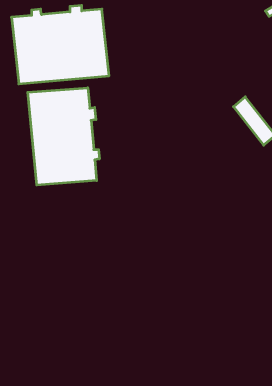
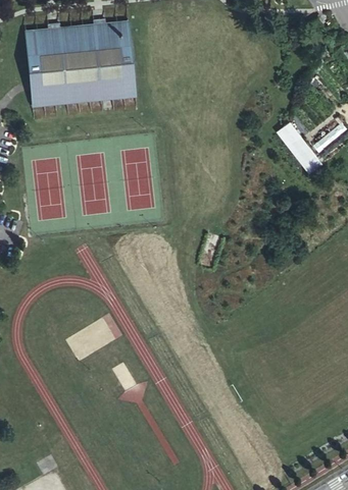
building: [28,88,99,185] -> none

